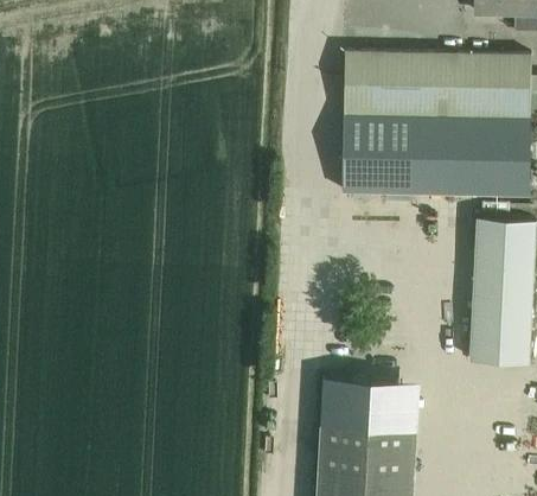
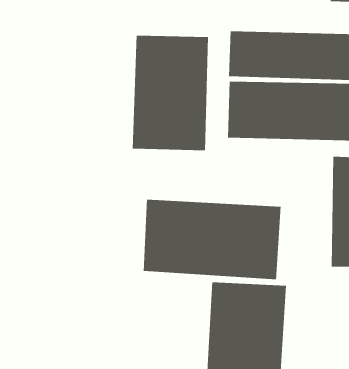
building: none -> [132,35,208,151]
building: none -> [143,199,281,280]

